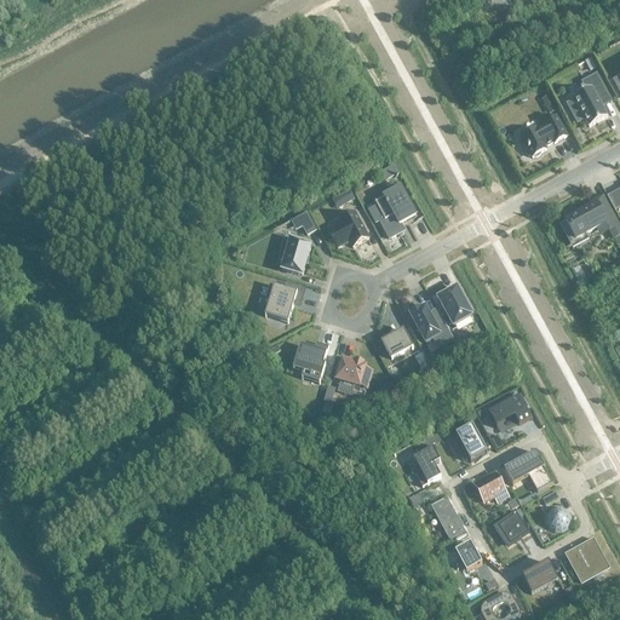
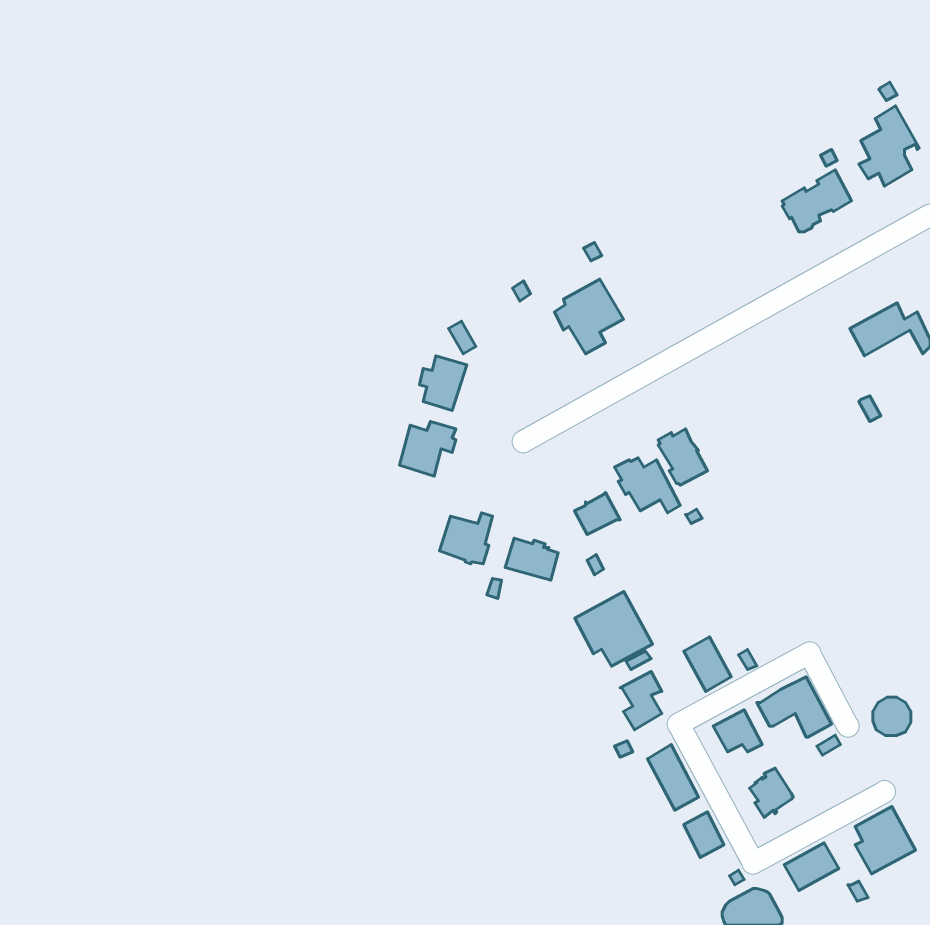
building: [329,209,368,245] -> none
building: [487,392,529,425] -> none
building: none -> [575,592,652,666]
building: [545,504,570,529] -> [873,697,911,735]

